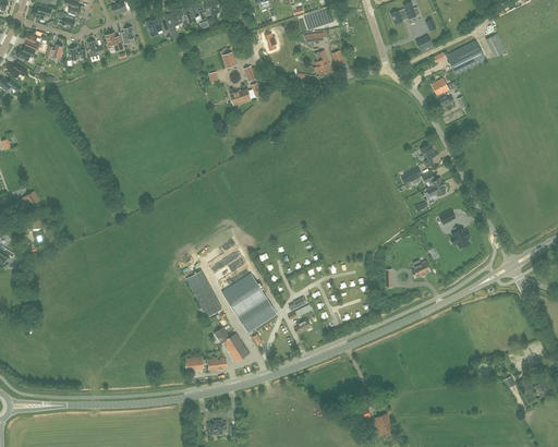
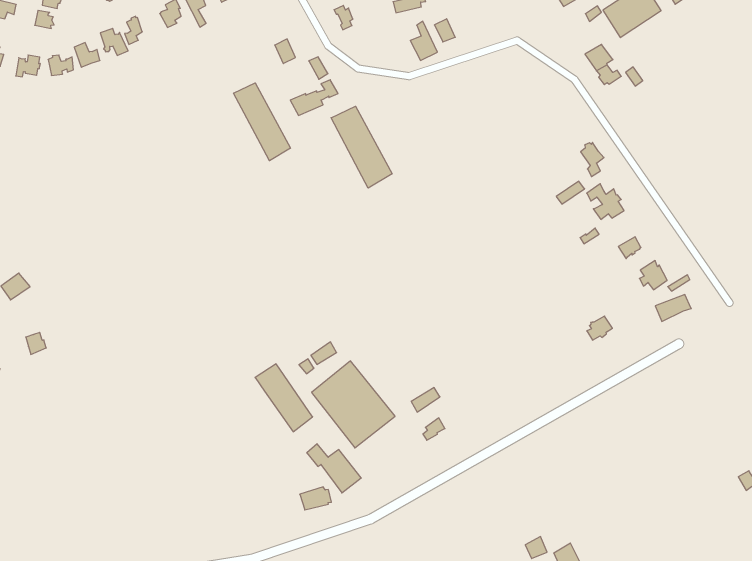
building: none -> [234,83,290,161]
building: none -> [331,106,392,188]

